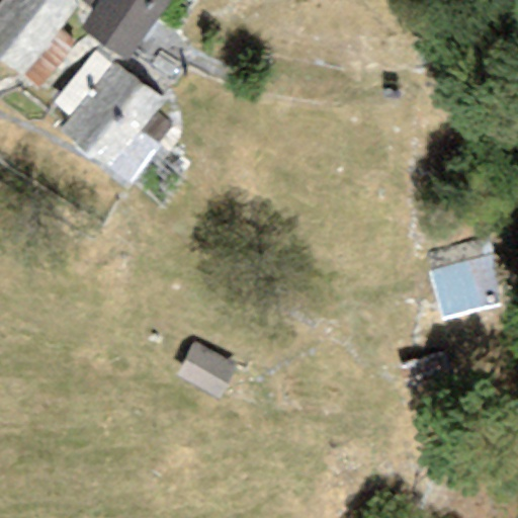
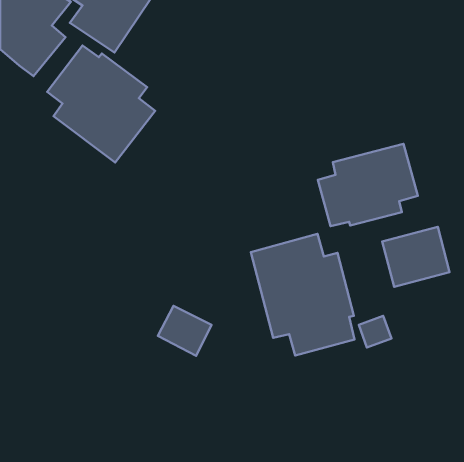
building: none -> [318,144,418,226]
building: none -> [251,234,355,356]

